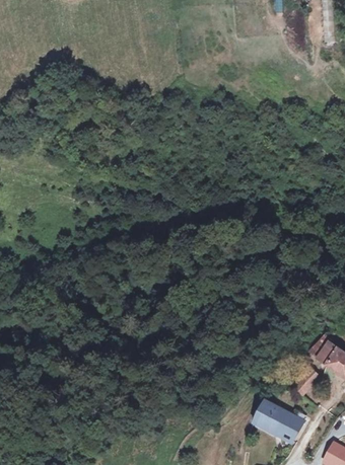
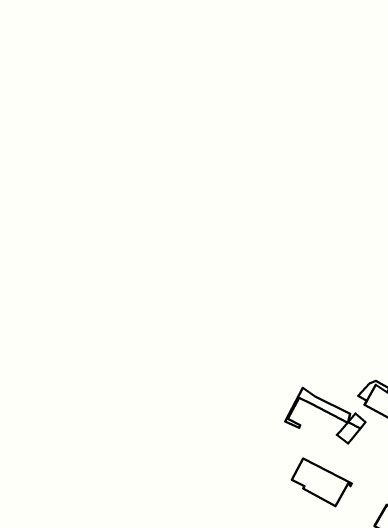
building: [254,396,306,429] -> [285,388,350,428]

